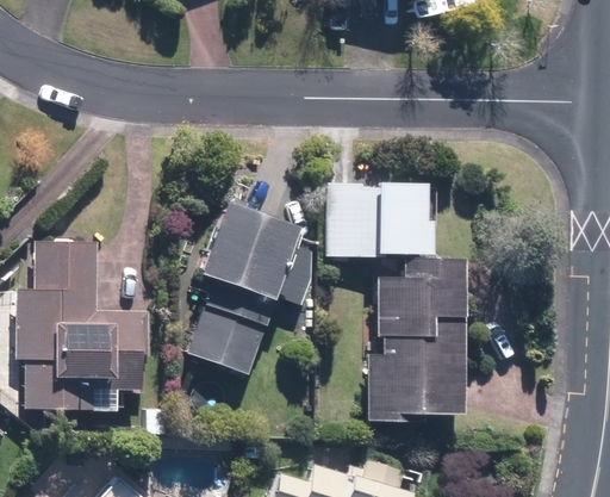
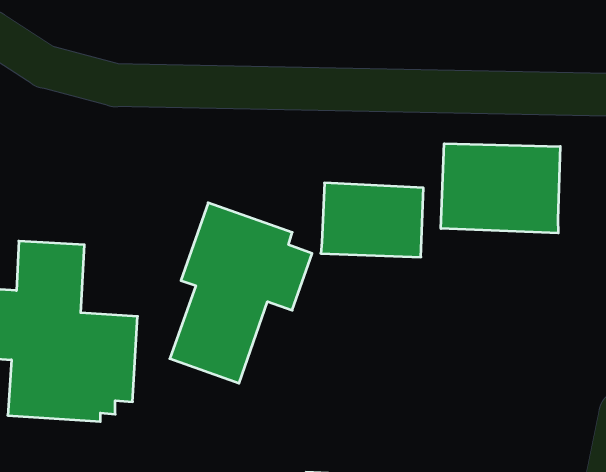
building: none -> [441,144,560,233]
building: [367,256,467,423] -> none

